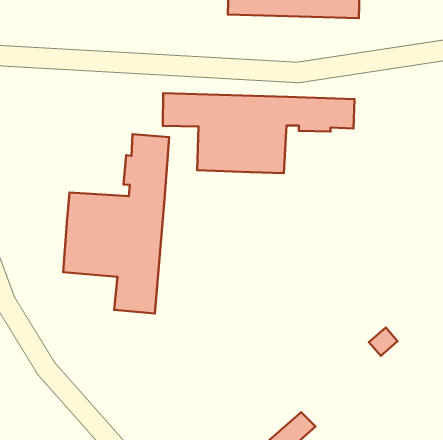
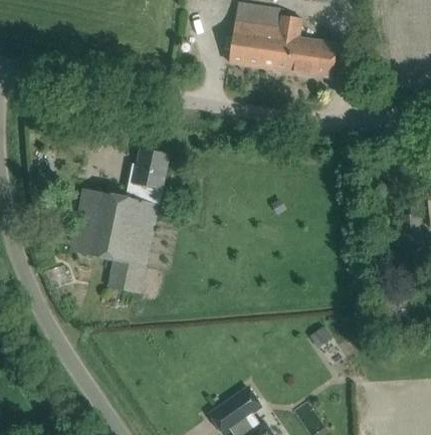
building: [163,93,355,173] -> none

